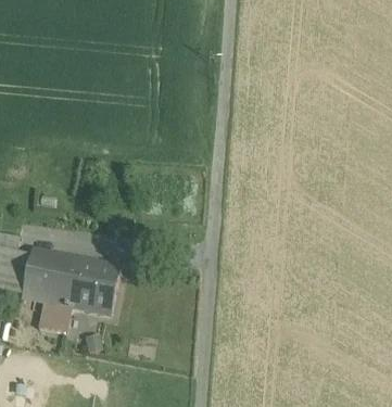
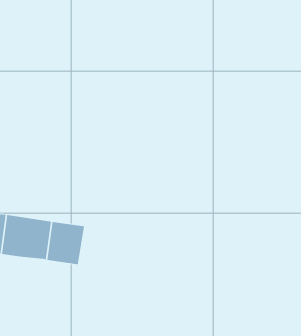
building: [37,296,77,332] -> none

